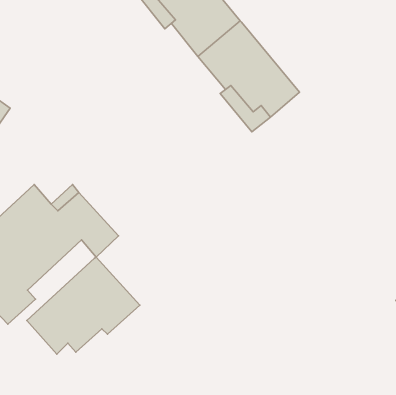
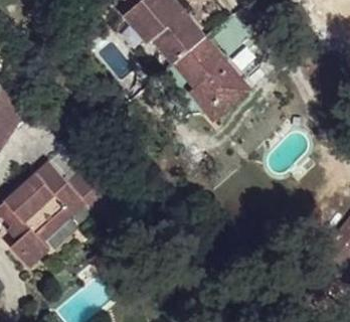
building: [27,257,140,354] -> none

